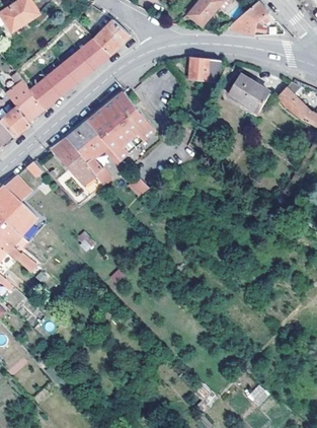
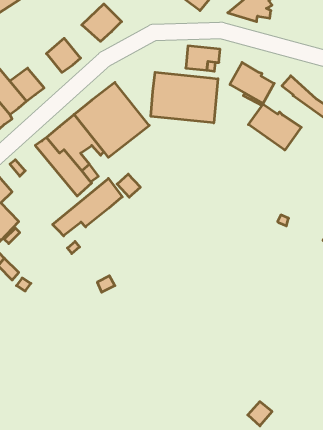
building: [77,39,110,69] -> none
building: [44,65,75,96] -> none
building: none -> [151,72,218,123]
building: none -> [248,104,301,150]
building: none -> [53,178,122,236]

